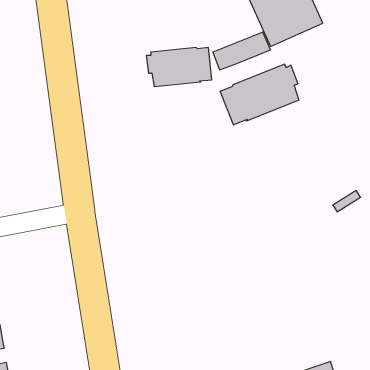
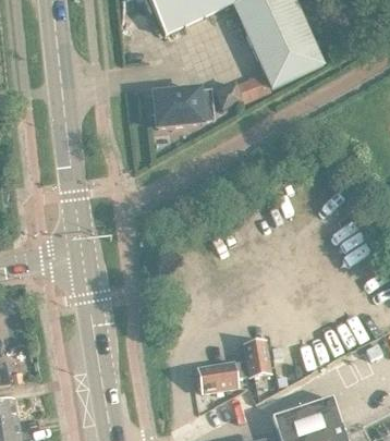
building: [220,64,299,125] -> none
building: none -> [199,341,272,392]

